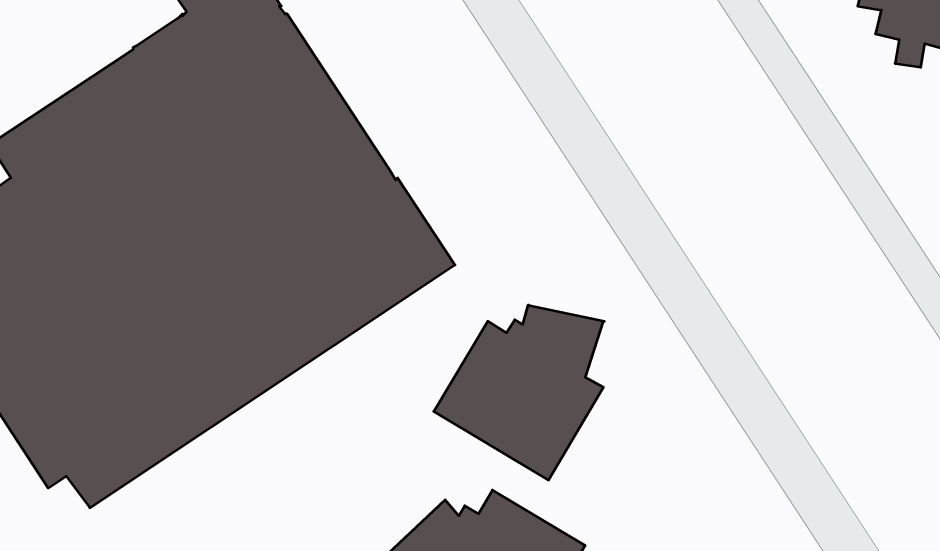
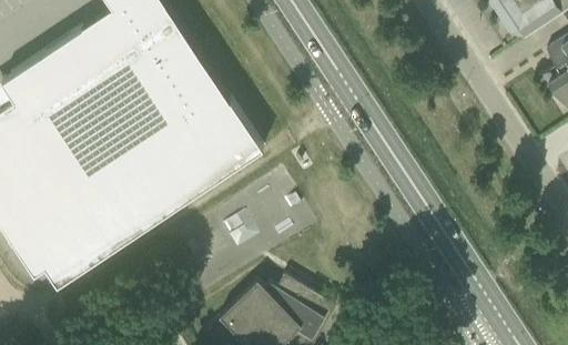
building: [434,305,604,480] -> none

